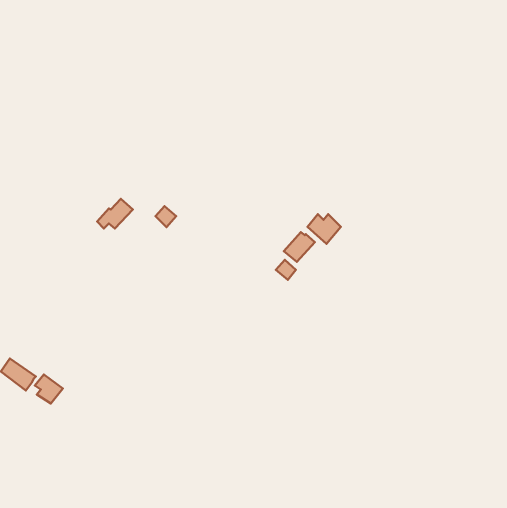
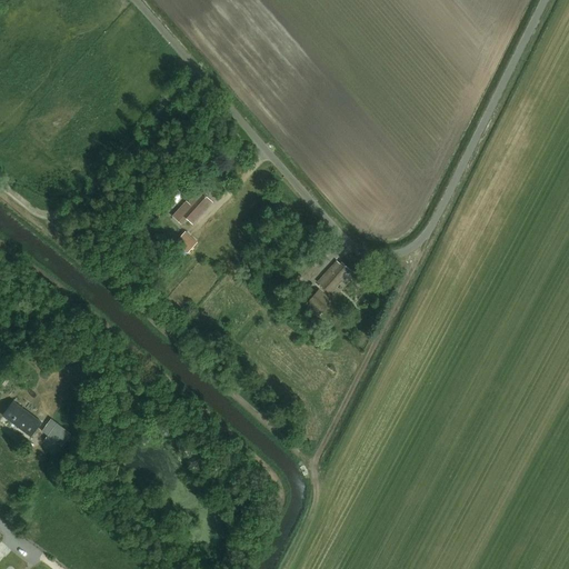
building: [97,199,133,229] -> [173,190,213,223]
building: [308,214,341,244] -> none

